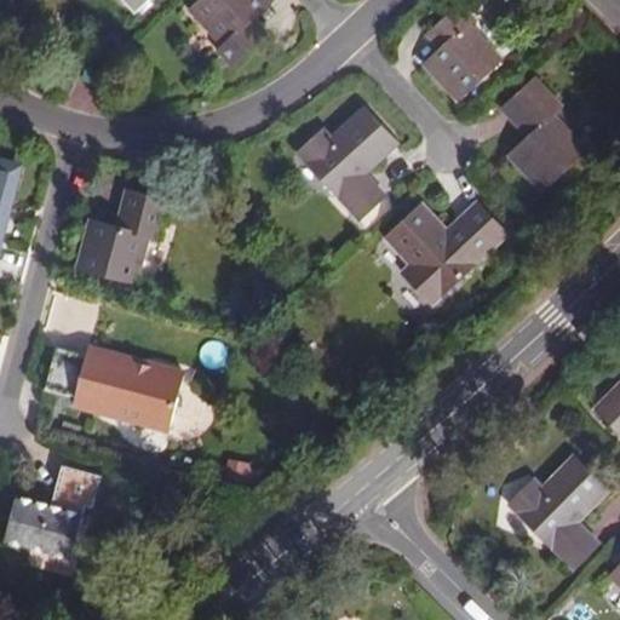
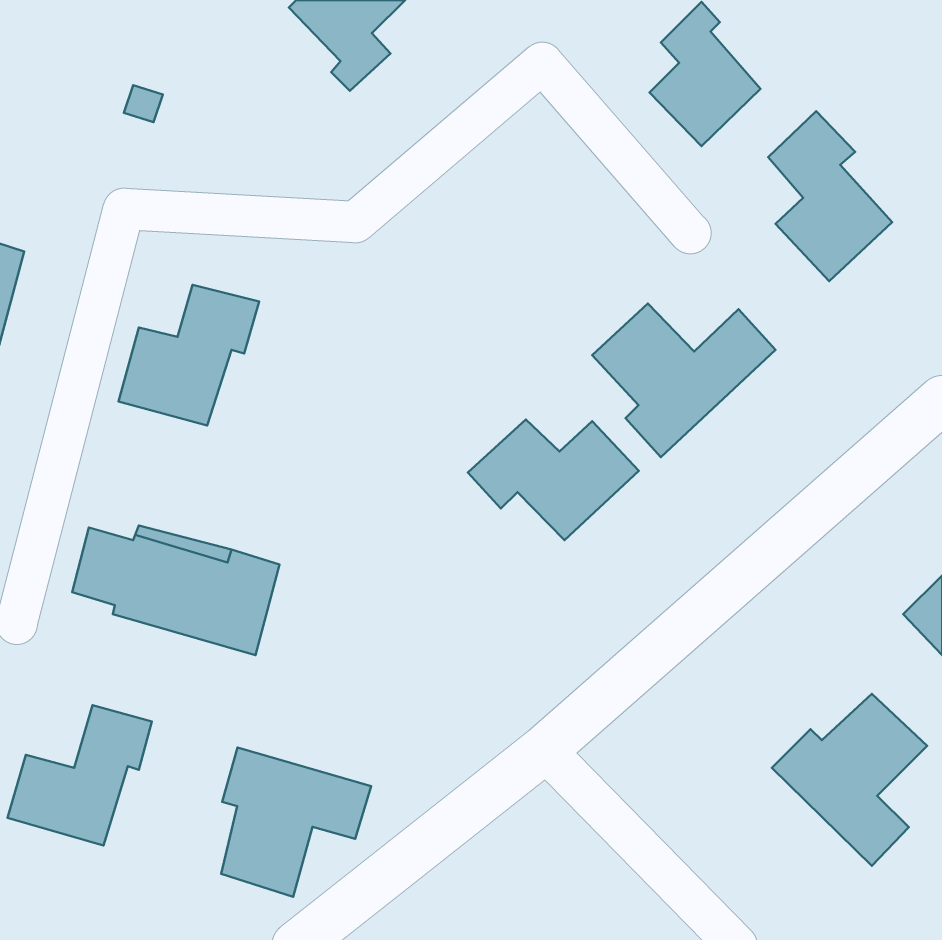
building: [298,107,398,219] -> none
building: none -> [468,419,639,540]
building: none -> [221,748,371,897]

